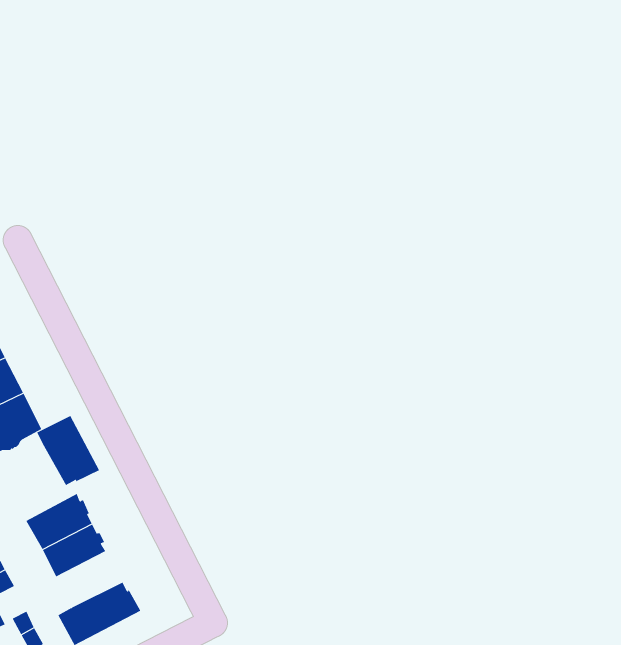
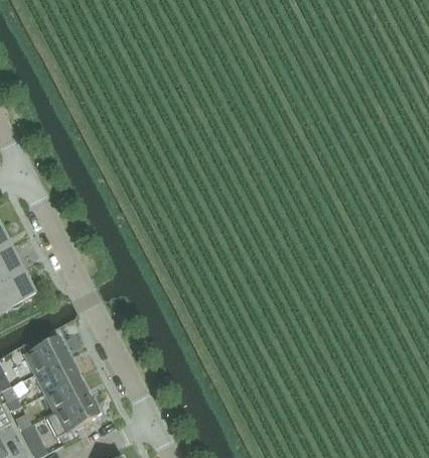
building: [37,415,100,486] -> none
building: none -> [44,374,89,412]

